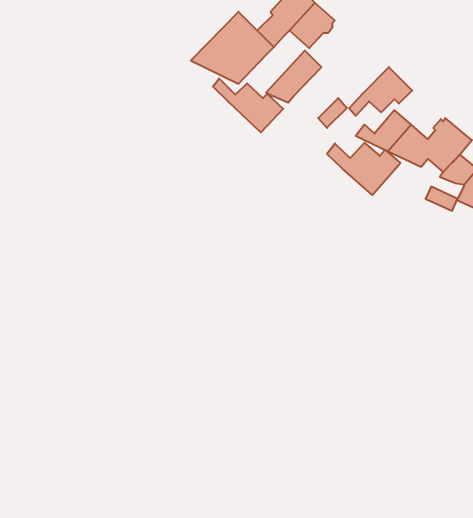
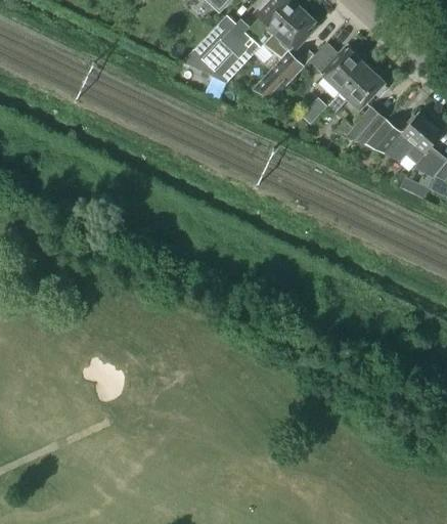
building: none -> [309,42,366,91]
building: [213,78,283,132] -> none
building: [327,143,400,195] -> none

